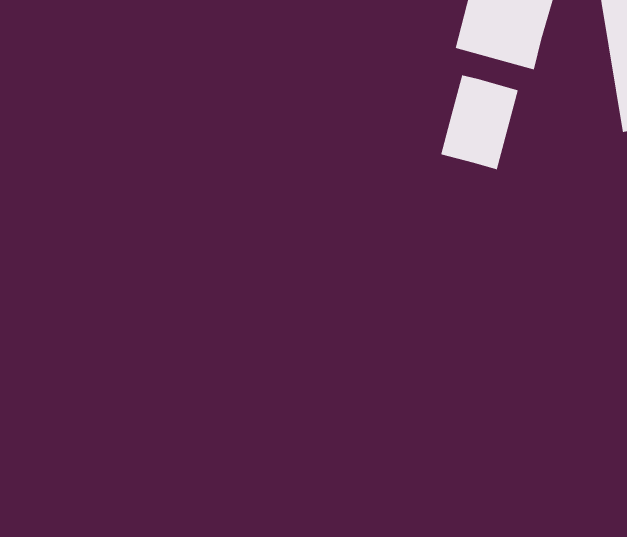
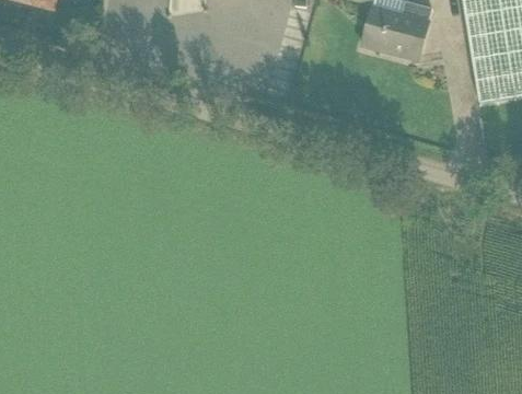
building: [440,75,519,170] -> none

